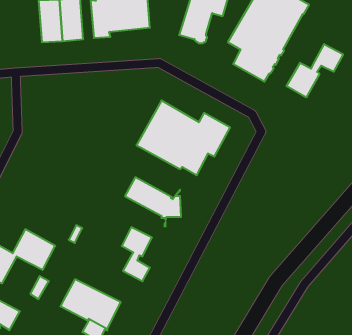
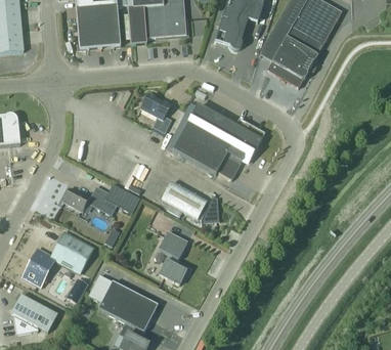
building: [287,44,343,97] -> none
building: none -> [140,91,171,131]
building: none -> [62,182,139,214]

